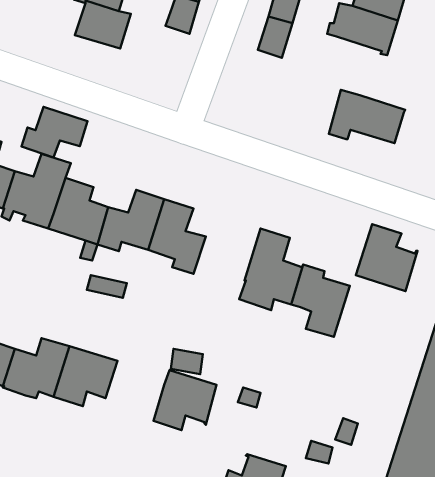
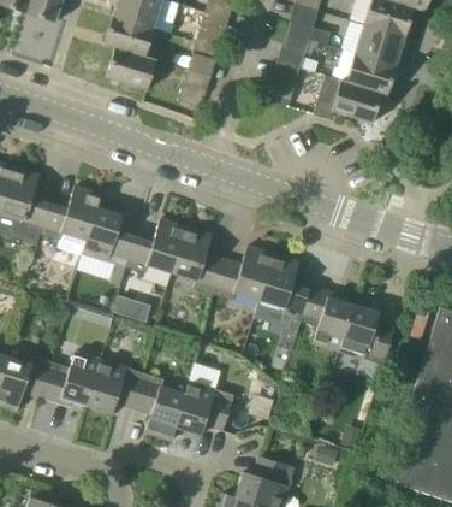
building: none -> [177,70,208,107]
building: [329,90,405,143] -> [313,75,381,123]
building: [21,107,88,158] -> none
building: none -> [212,246,272,301]
building: [356,224,417,291] -> [338,305,393,365]
building: none -> [132,372,185,440]

